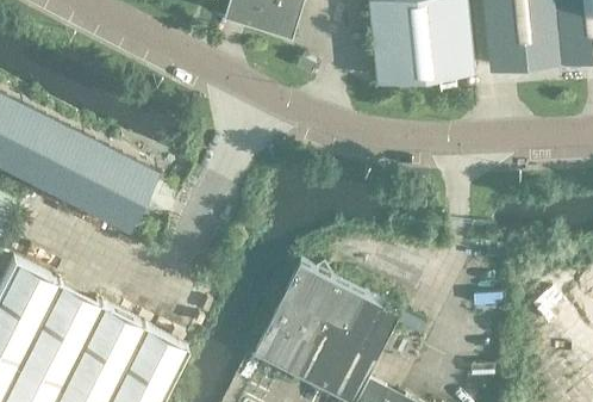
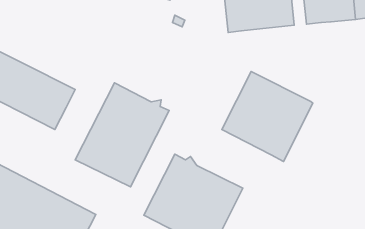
building: none -> [222,71,313,161]
building: none -> [75,83,169,187]

